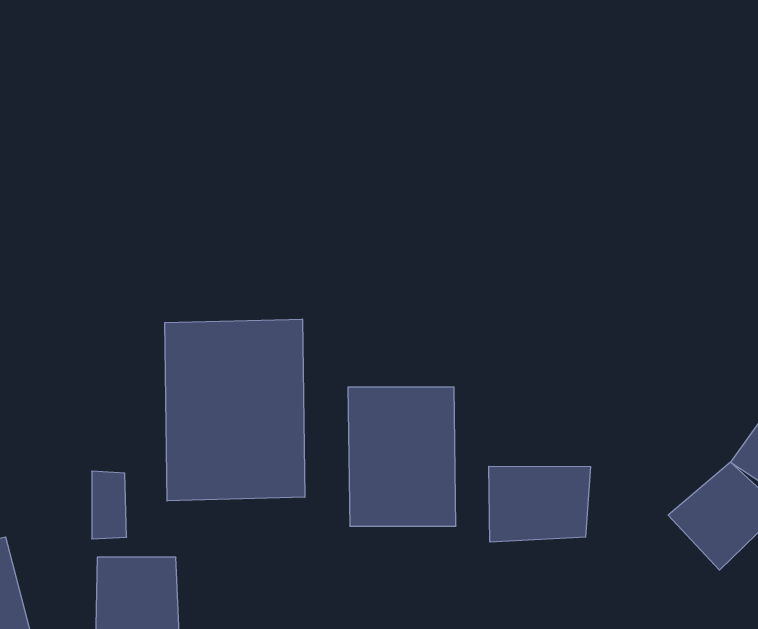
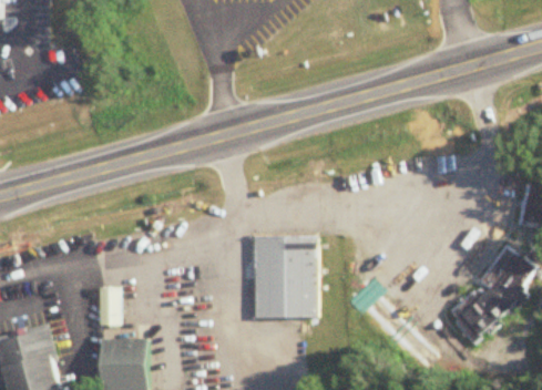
building: [165,319,305,501] -> none
building: [489,466,591,542] -> none

